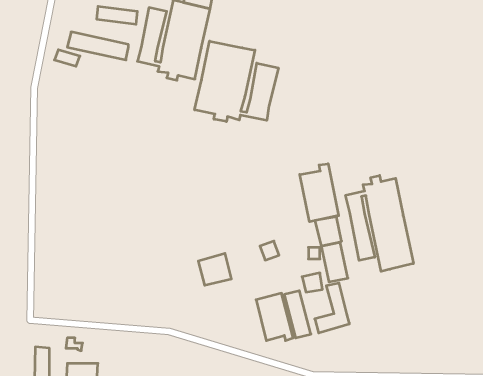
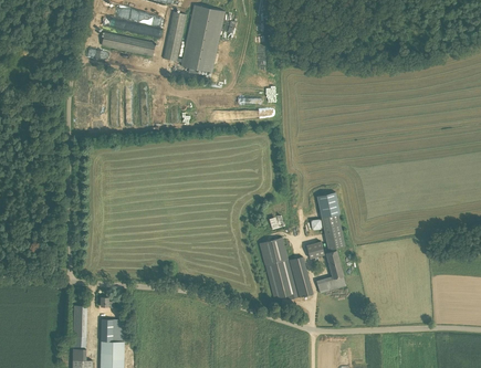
building: [195,41,278,122] -> none
building: [300,164,339,222] -> none
building: [346,175,413,271] -> none
building: [198,253,231,285] -> [259,236,287,264]

